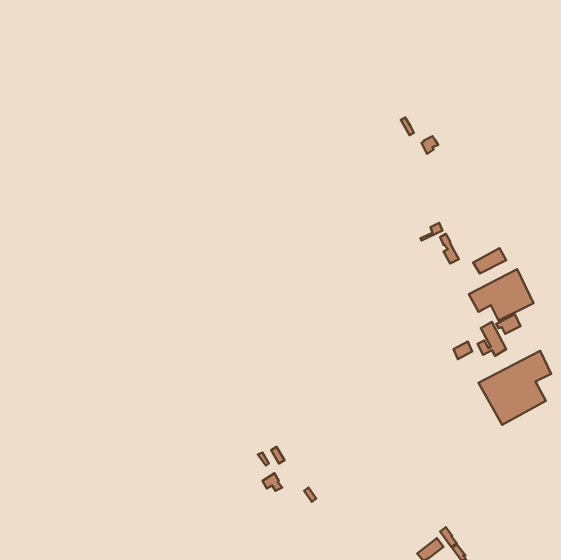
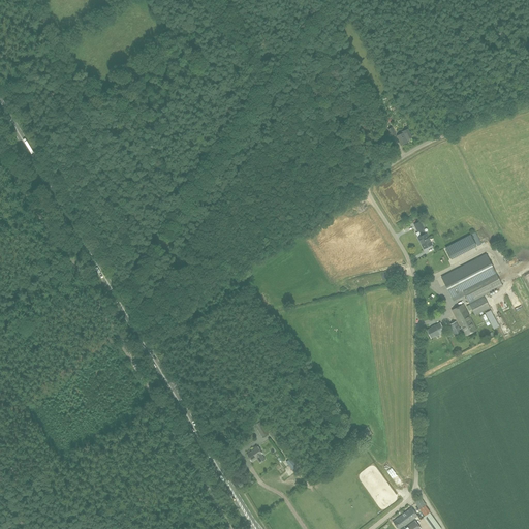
building: [479,351,551,425] -> none

